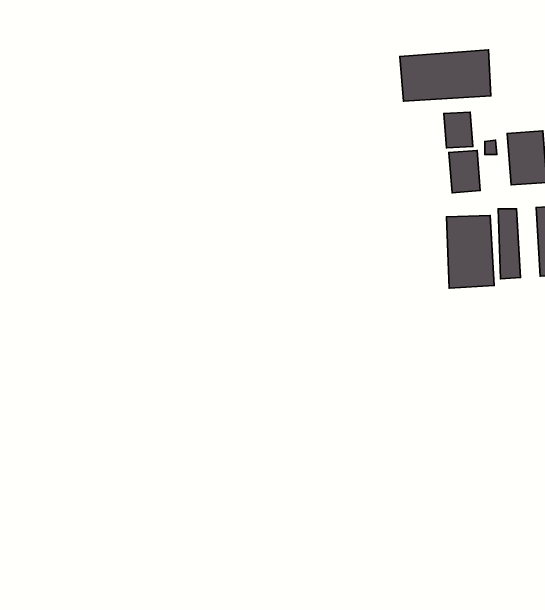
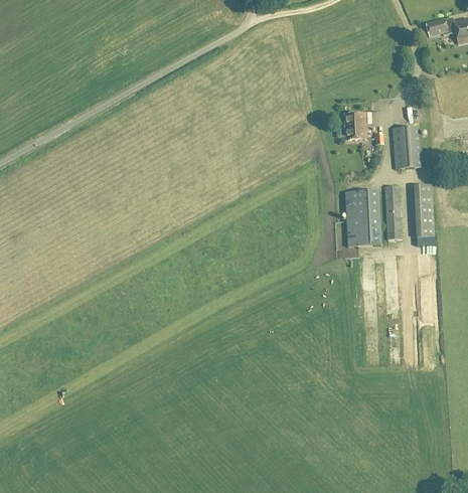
building: [400,50,491,101] -> none
building: [449,150,480,193] -> none

